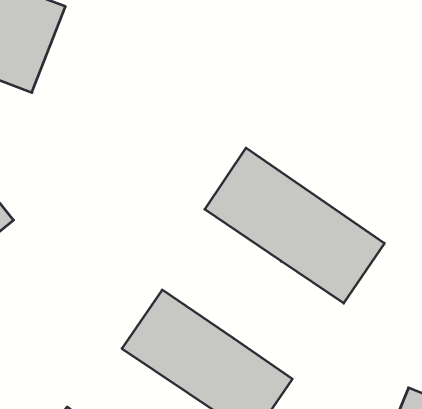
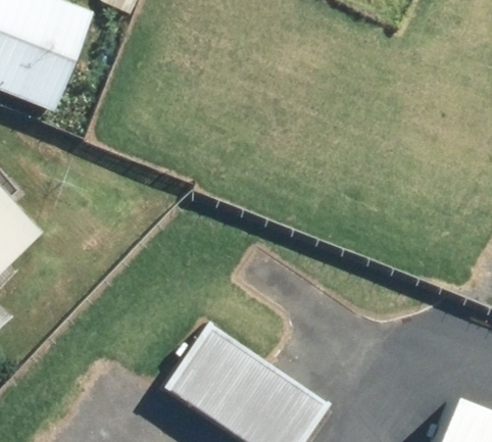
building: [205,148,384,303] -> none

